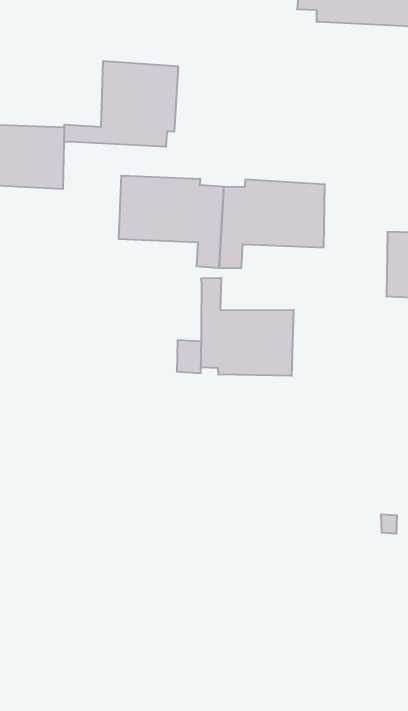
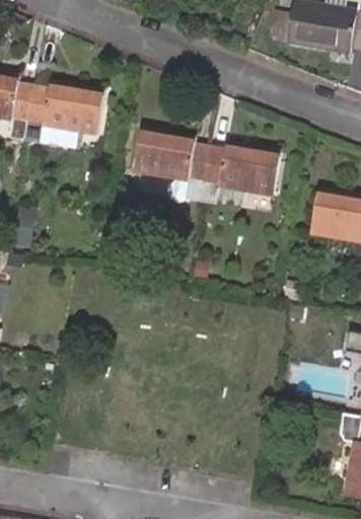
building: [65,61,178,147] -> none
building: [201,278,294,376] -> none

